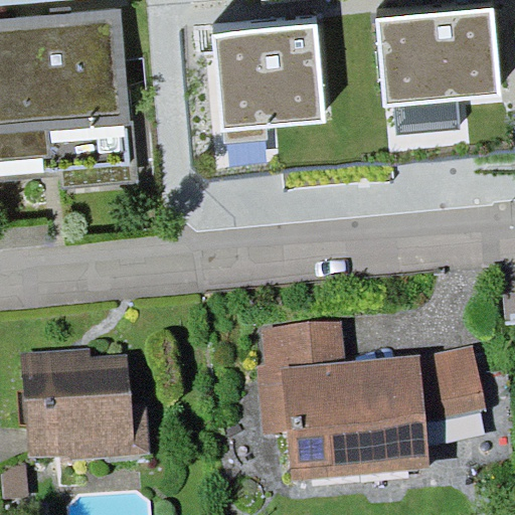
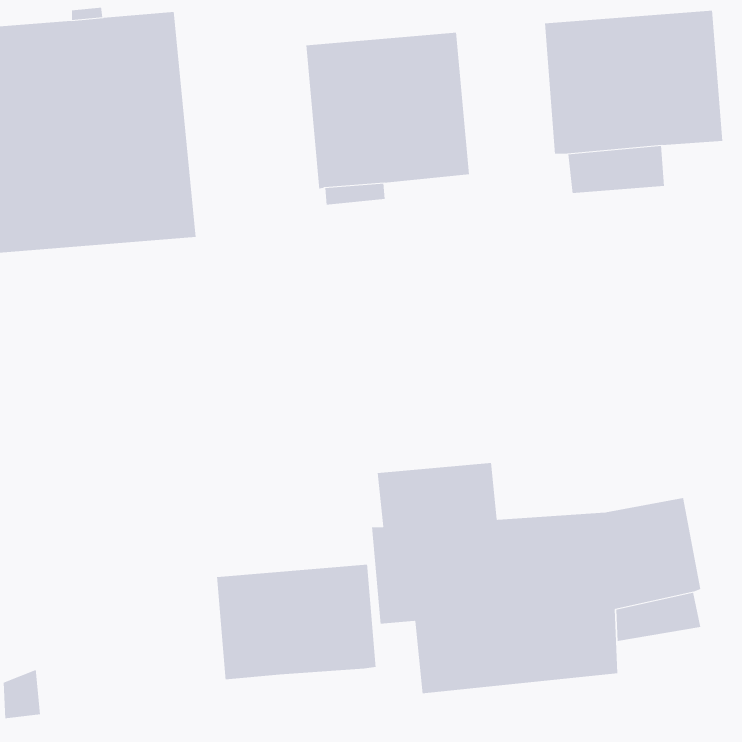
building: [18,346,149,460] -> none
building: none -> [216,564,376,680]

